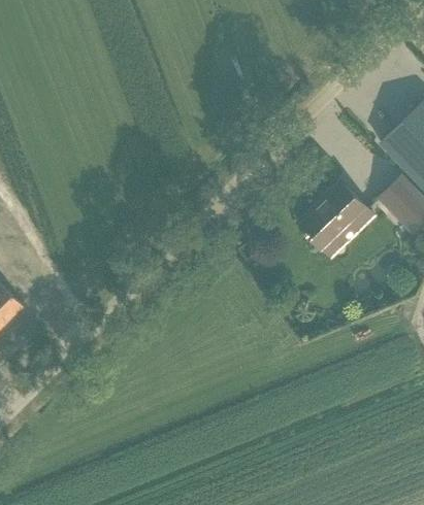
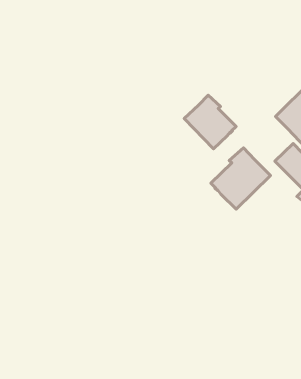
building: none -> [184,95,236,149]

